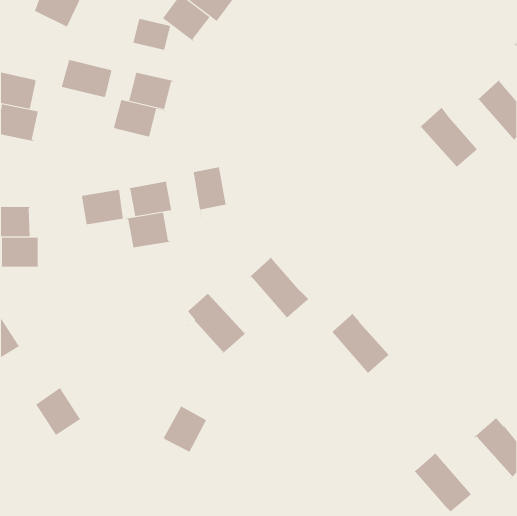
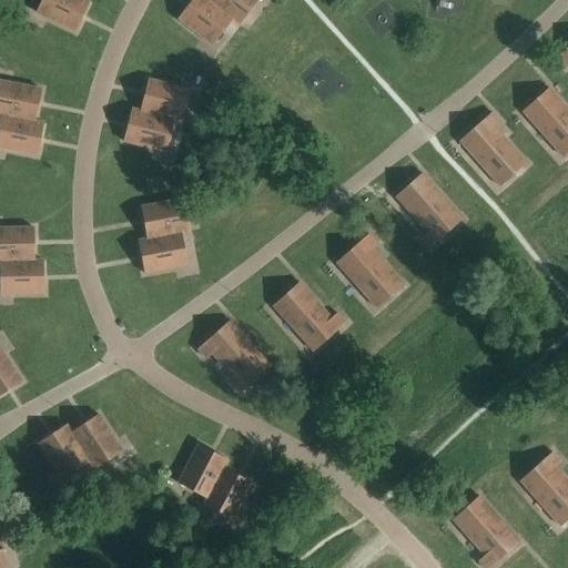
building: [131,17,173,53] -> none
building: [60,59,116,100] -> none
building: none -> [395,172,463,246]
building: [193,165,227,220] -> none
building: [72,189,125,226] -> none
building: [330,307,390,375] -> [336,233,403,307]
building: none -> [65,413,122,468]
building: none -> [203,459,253,521]

